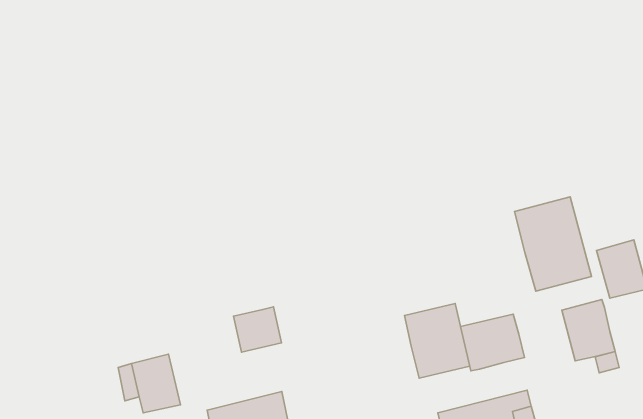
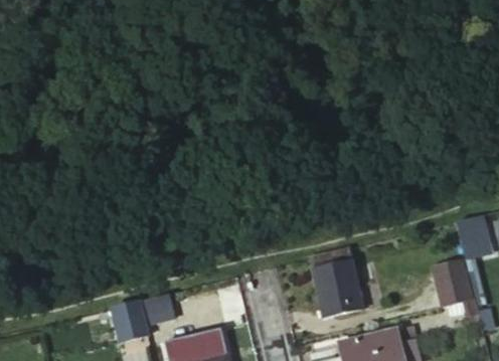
building: [515,197,591,291] -> none
building: [233,307,281,352] -> [137,293,173,327]
building: [461,314,525,371] -> none

